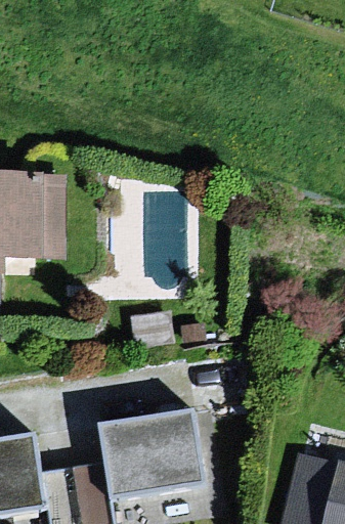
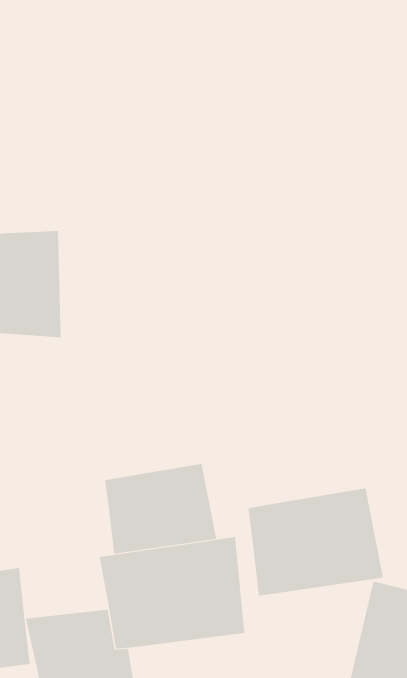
building: none -> [105,463,217,555]
building: none -> [248,488,384,597]

